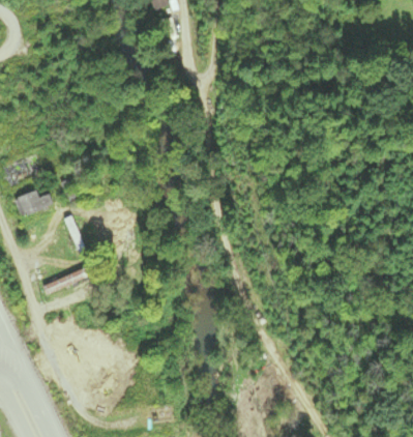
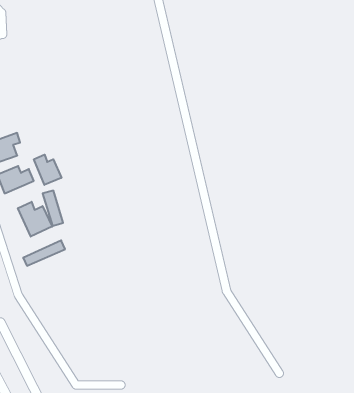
building: none -> [34,155,61,185]
building: none -> [18,202,52,237]

